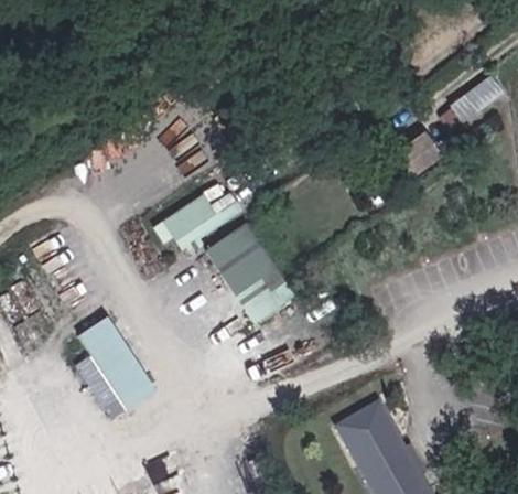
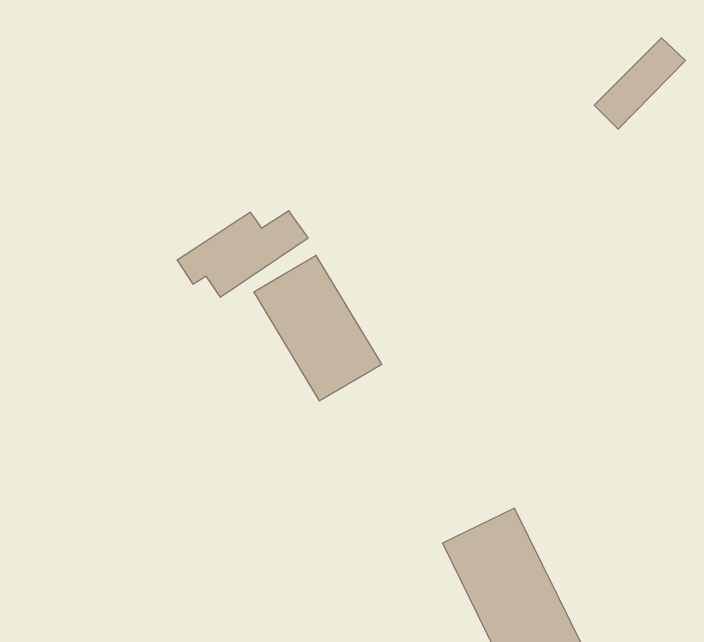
building: [395,130,443,176] -> none
building: [74,315,155,421] -> none

